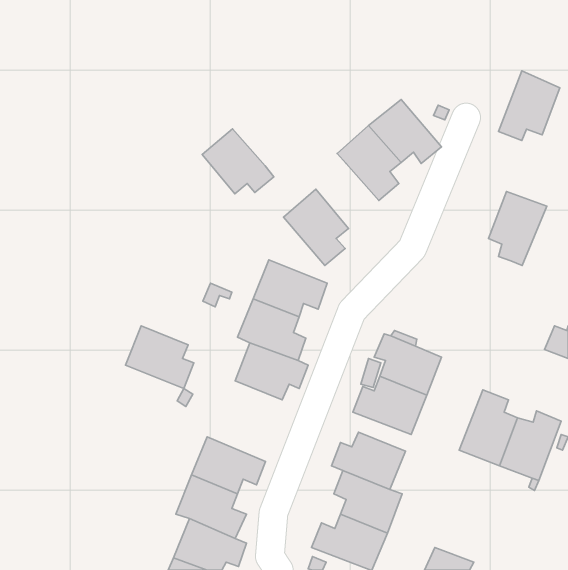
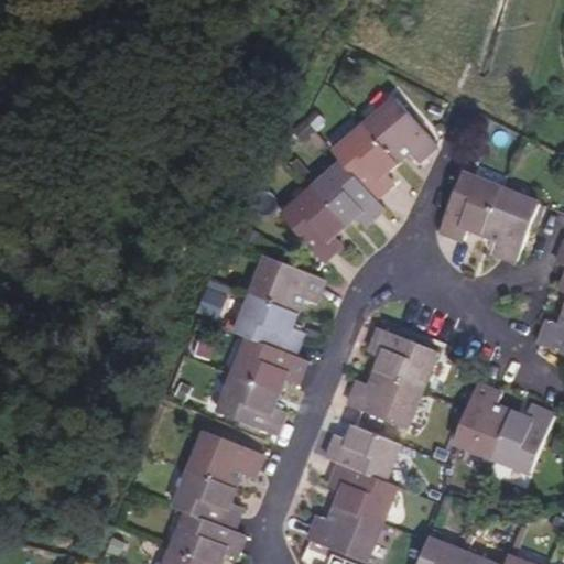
building: [498,71,560,140] -> [437,172,498,240]
building: [202,129,274,194] -> [311,161,381,225]
building: [125,326,194,389] -> [216,375,283,436]

